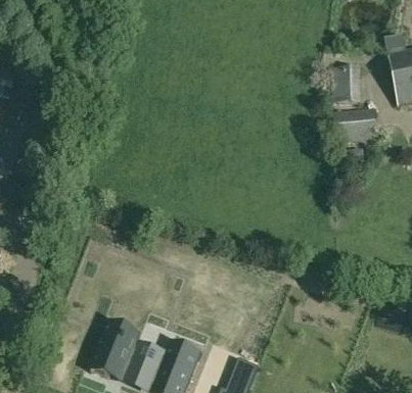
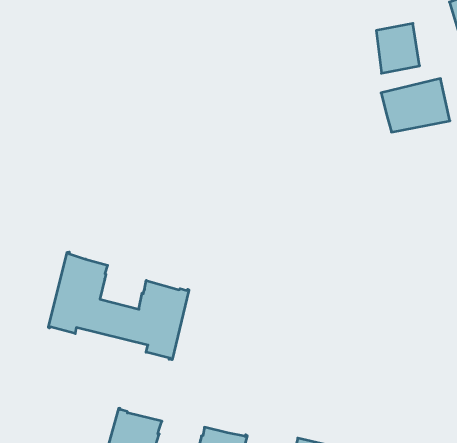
building: none -> [48,252,189,360]

